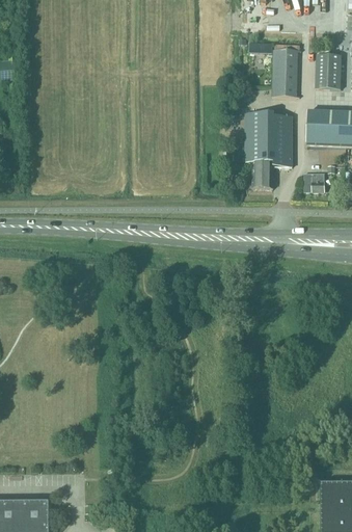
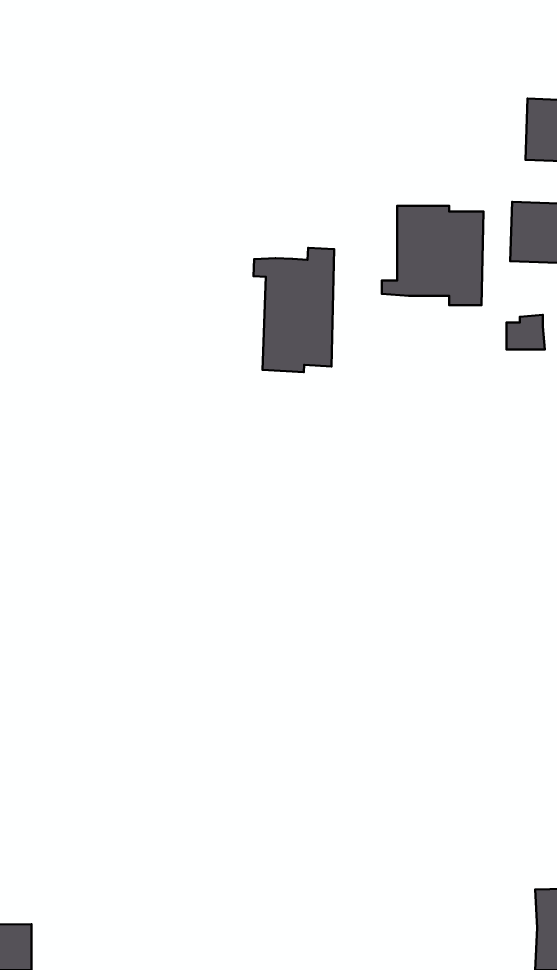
building: [272,49,301,96] -> none
building: none -> [253,248,334,372]
building: [252,161,274,187] -> none

